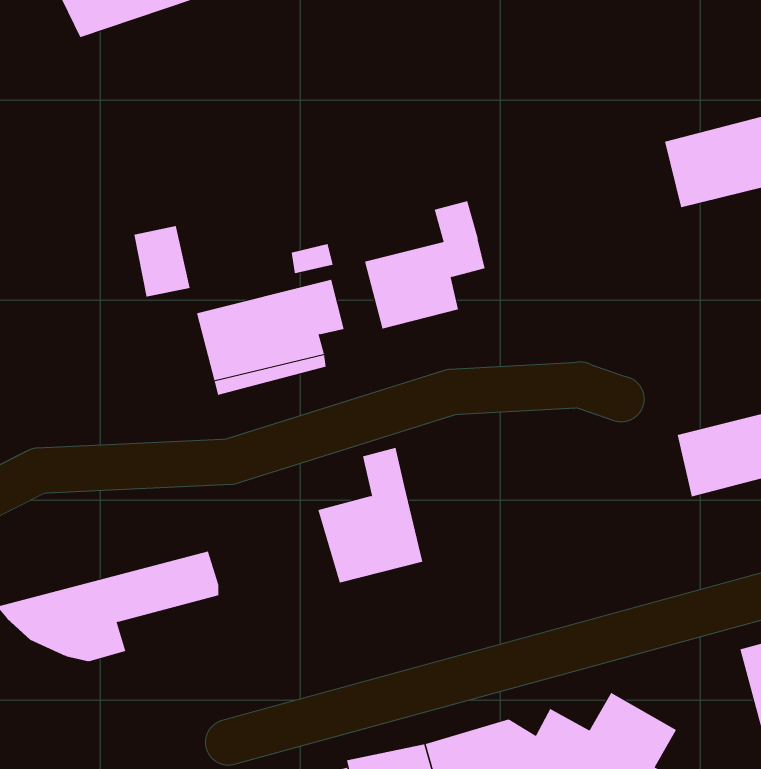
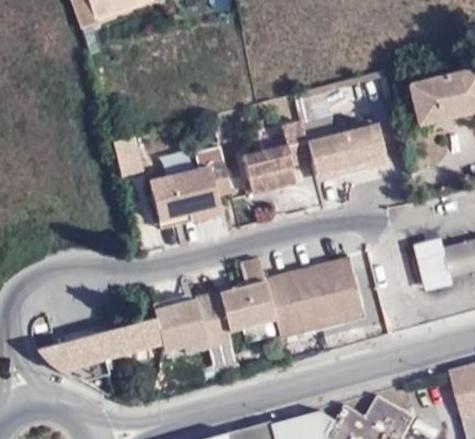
building: none -> [294,86,387,180]
building: none -> [263,258,360,338]
building: none -> [151,293,226,353]

